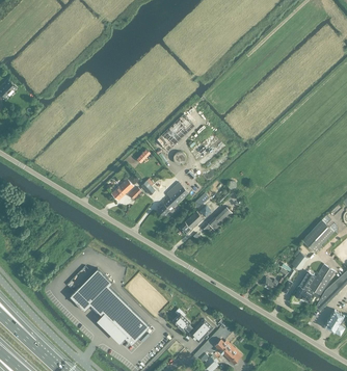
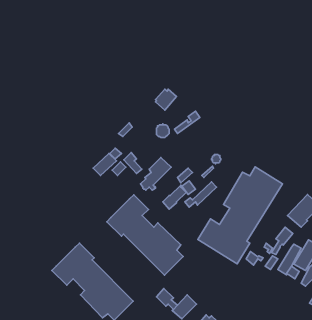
building: none -> [198,167,283,264]
building: none -> [107,195,183,275]

